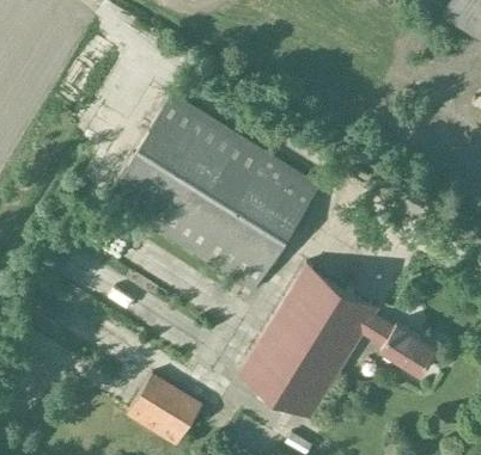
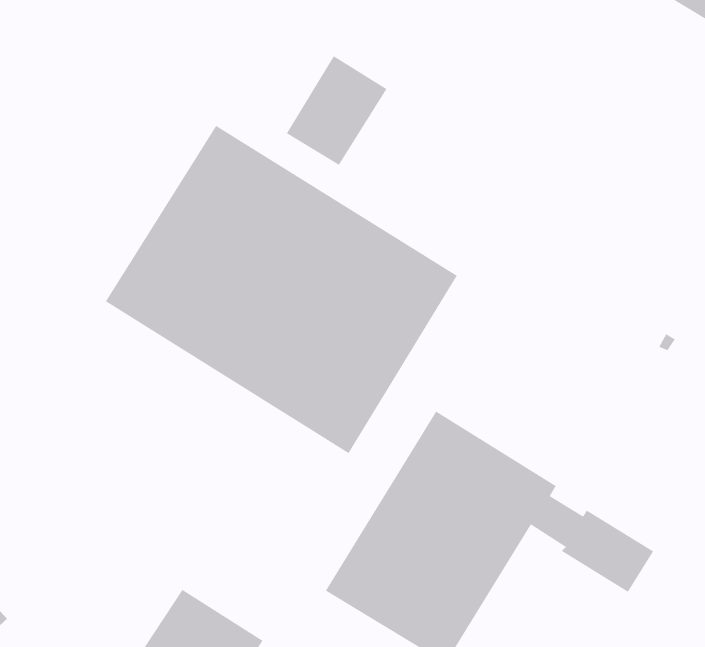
building: none -> [286,55,388,166]

